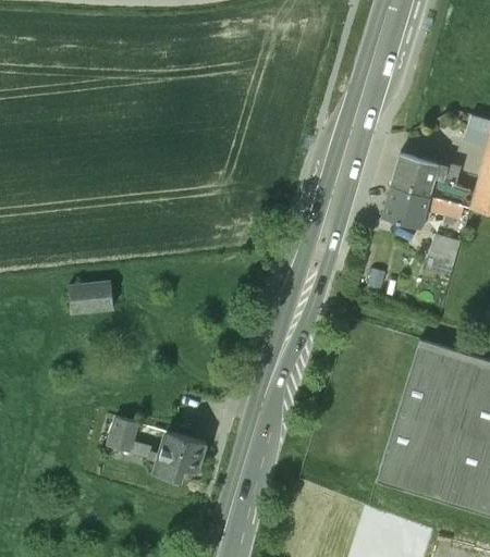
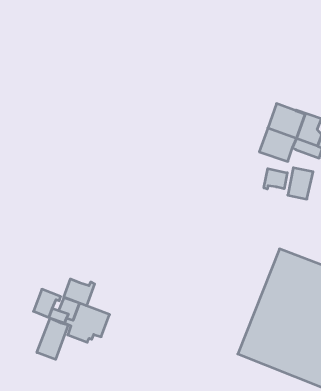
building: none -> [264,169,287,189]
building: [69,282,114,313] -> none
building: none -> [64,279,95,306]
building: none -> [37,318,68,359]

